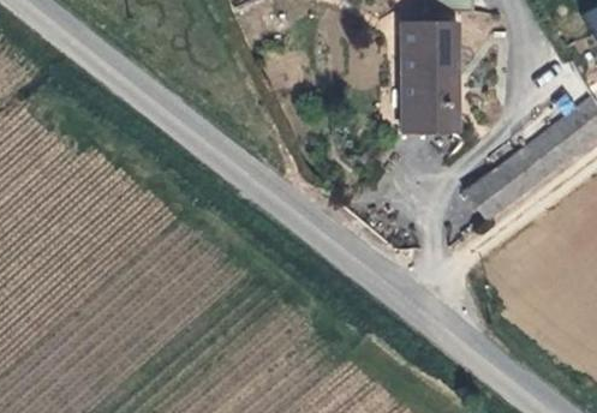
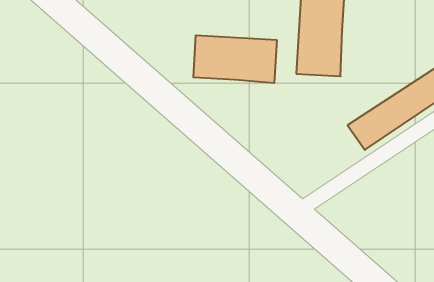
building: none -> [193,35,277,83]

